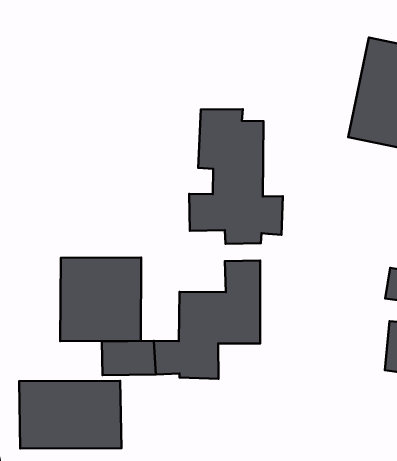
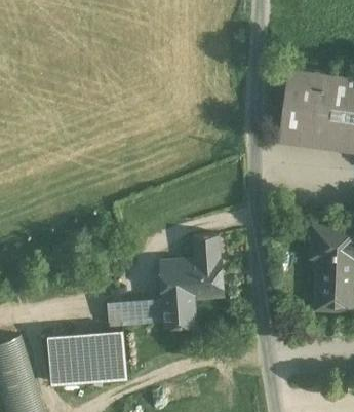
building: [189,109,283,244] -> none
building: [60,258,141,341] -> none

